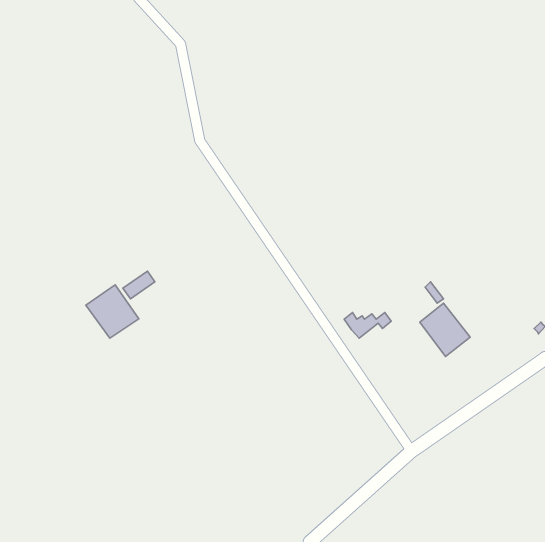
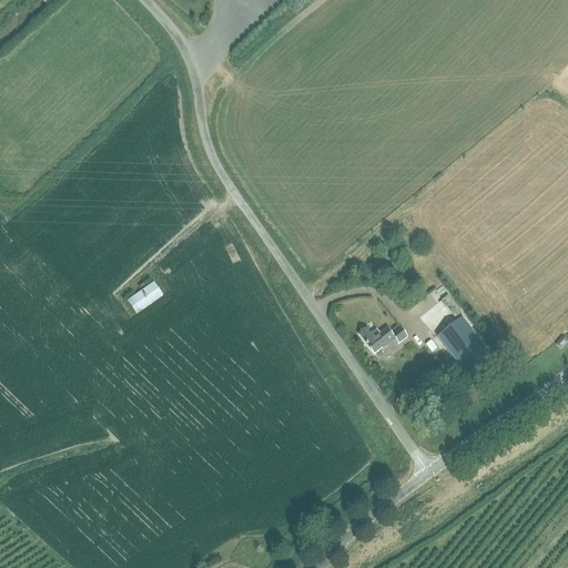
building: [86,285,139,338] -> none

